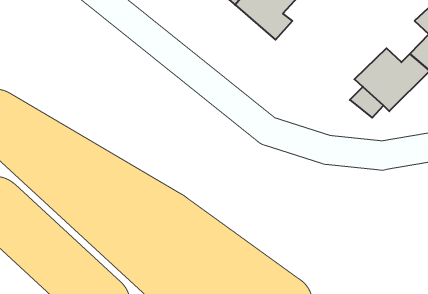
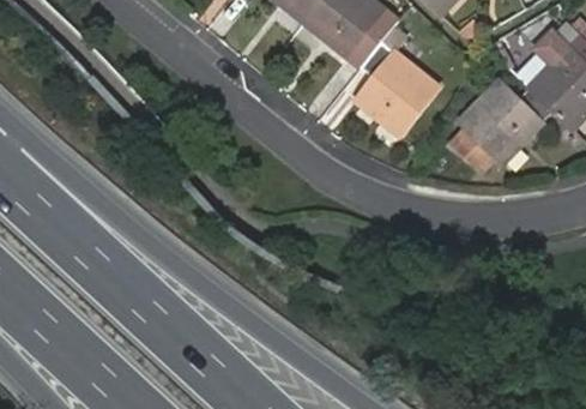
building: none -> [348,30,430,136]

